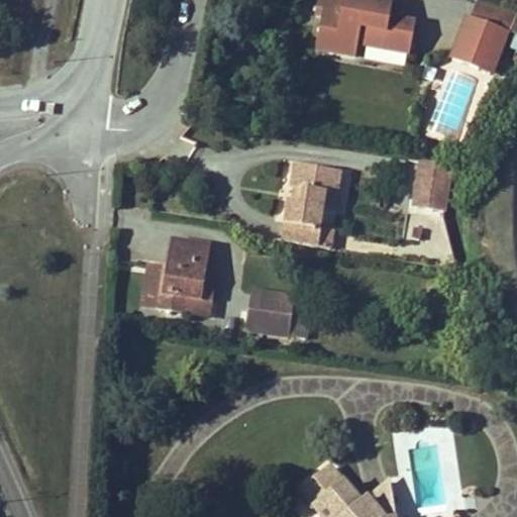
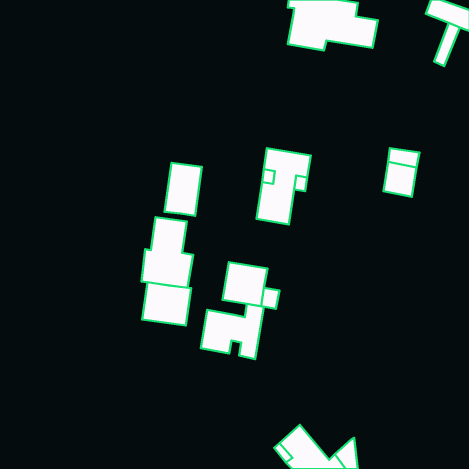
building: [451,15,494,68] -> none
building: none -> [165,163,202,216]
building: none -> [142,282,191,326]
building: none -> [201,304,264,359]

